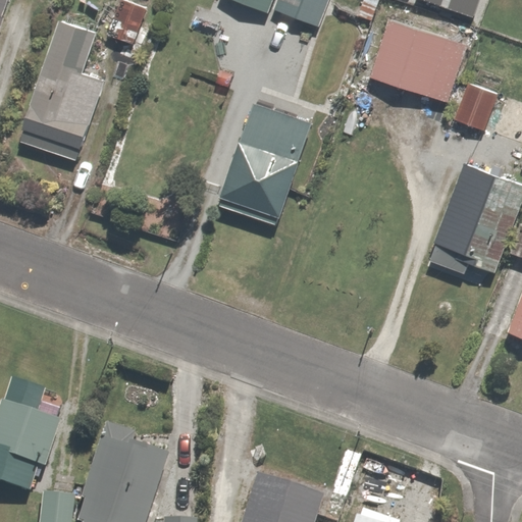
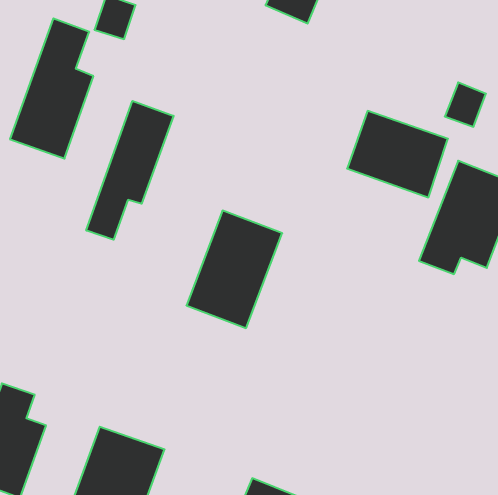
building: [363,19,463,105] -> [347,111,448,197]
building: [218,102,313,218] -> [186,211,282,328]
building: none -> [86,101,174,240]

